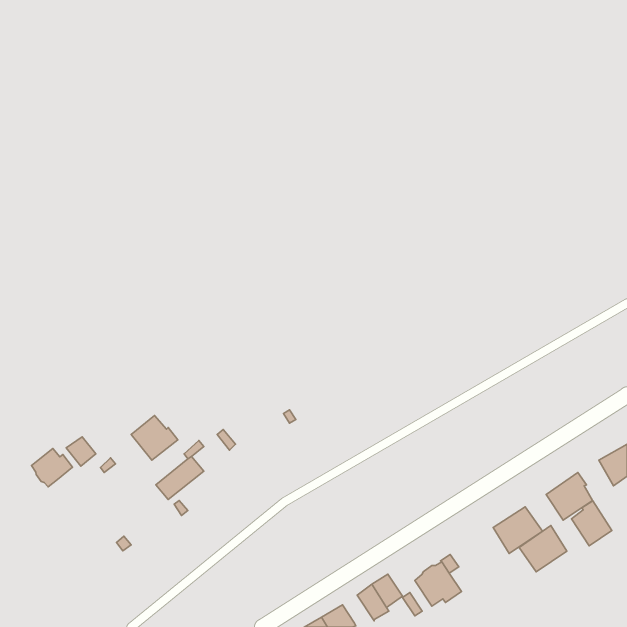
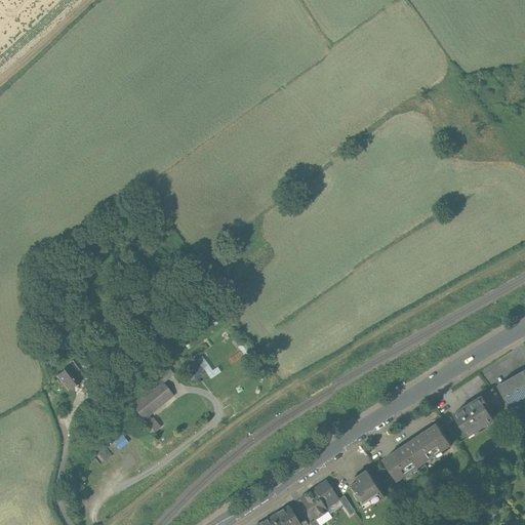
building: [131,416,178,460] -> none
building: [32,448,73,487] -> none
building: [571,501,612,546] -> none
building: [519,525,567,572] -> [386,441,426,480]

